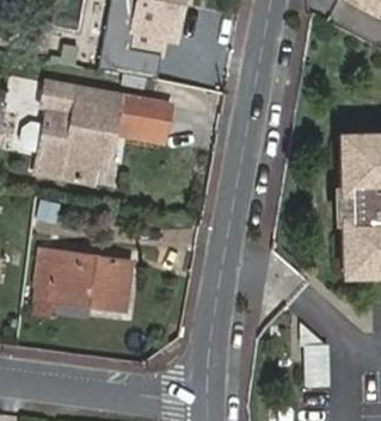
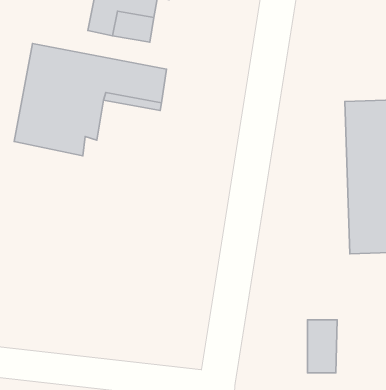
building: [35,249,133,316] -> none

